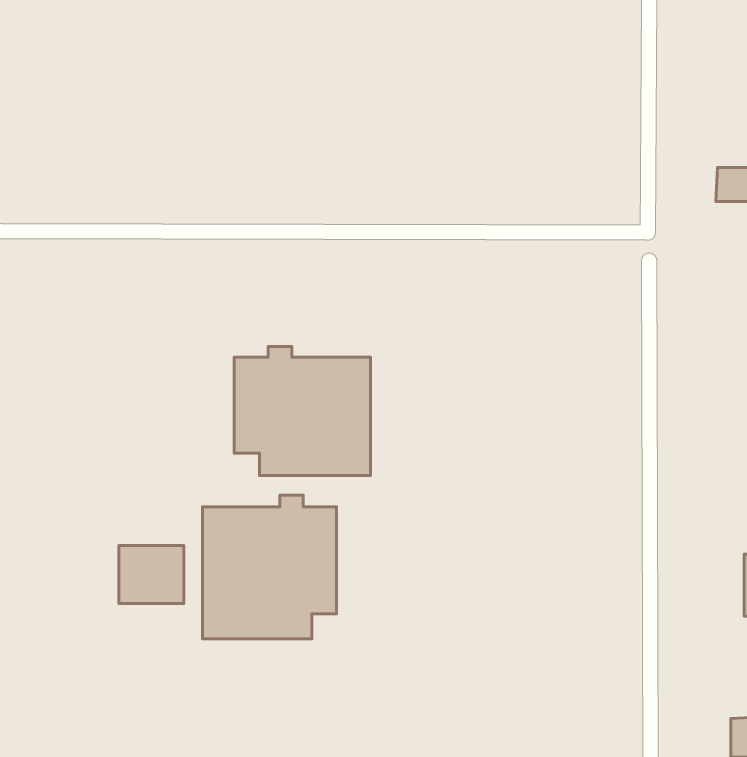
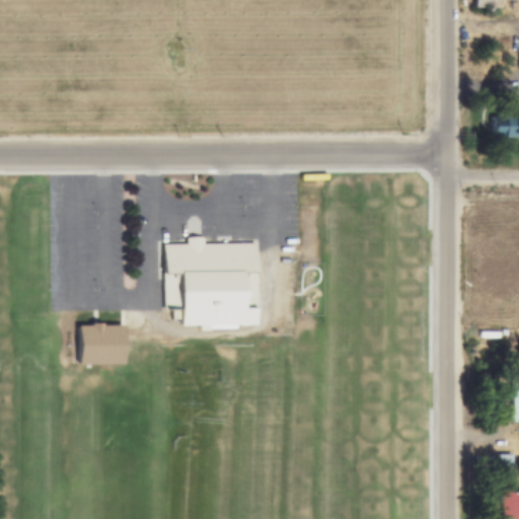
building: [203,495,337,639] -> none
building: [119,546,184,603] -> [82,324,127,364]

